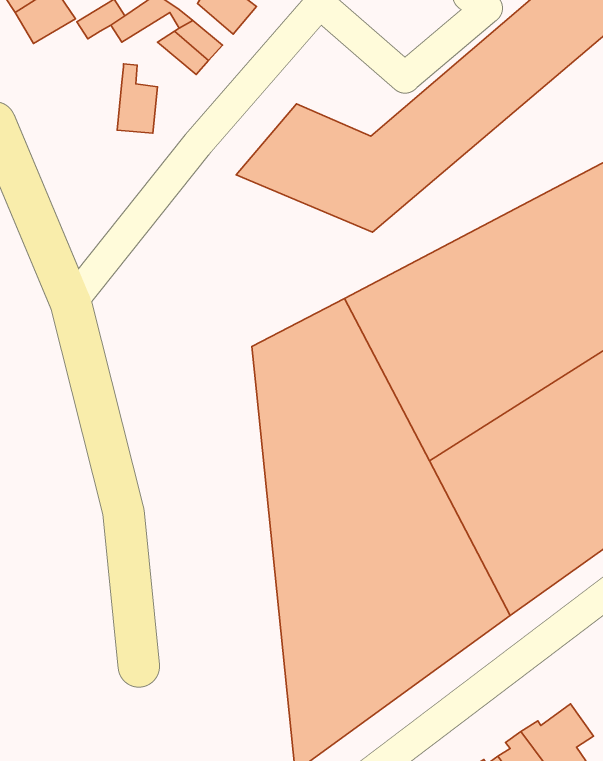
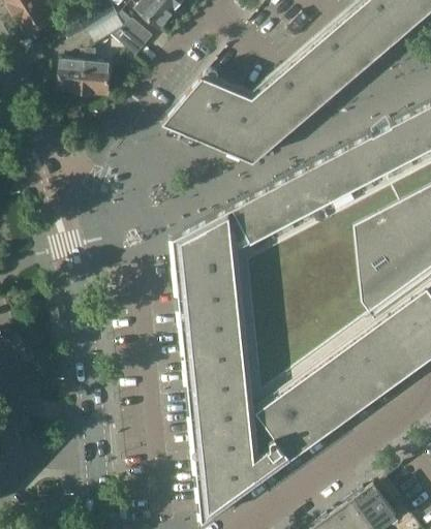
building: none -> [60,52,88,95]

